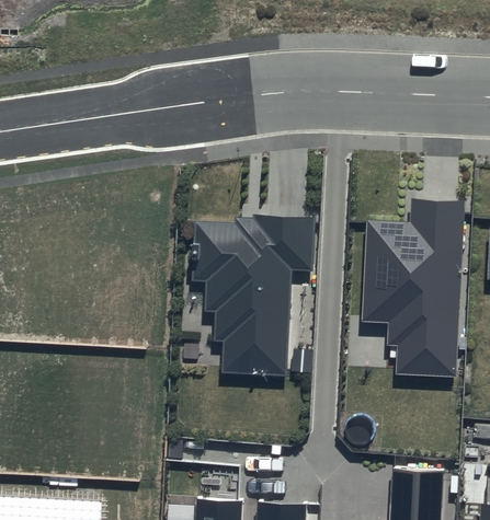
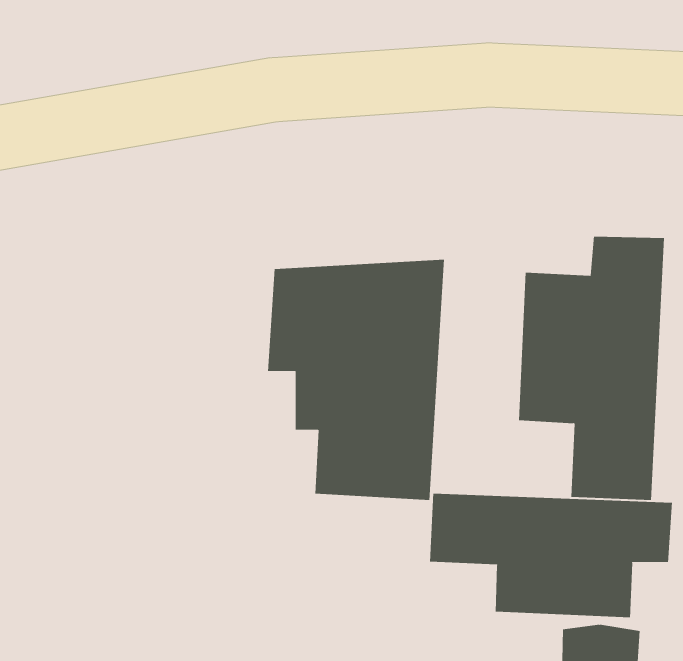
building: none -> [430,493,673,618]

